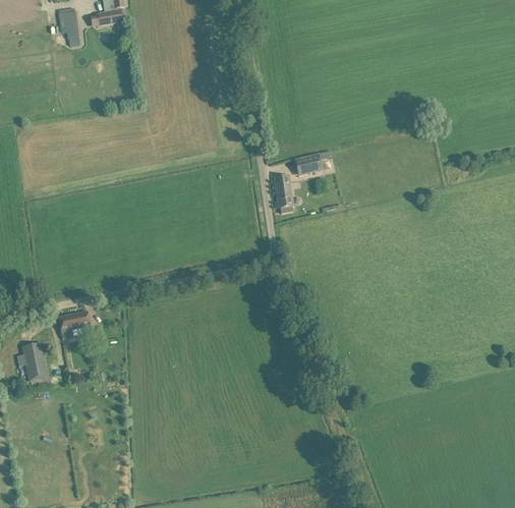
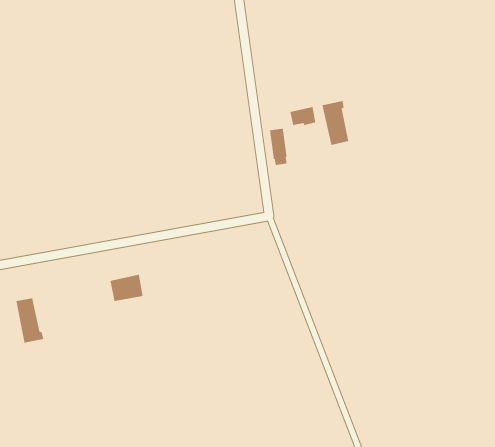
building: none -> [321,100,349,146]
building: [56,309,90,337] -> [110,274,143,302]

